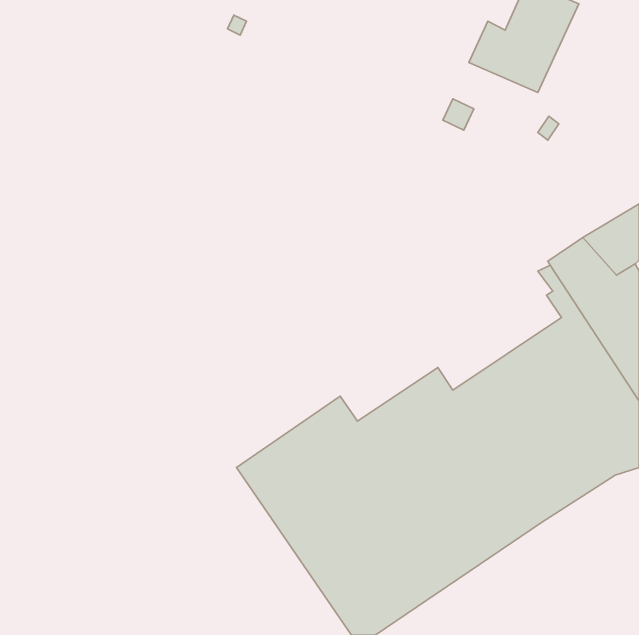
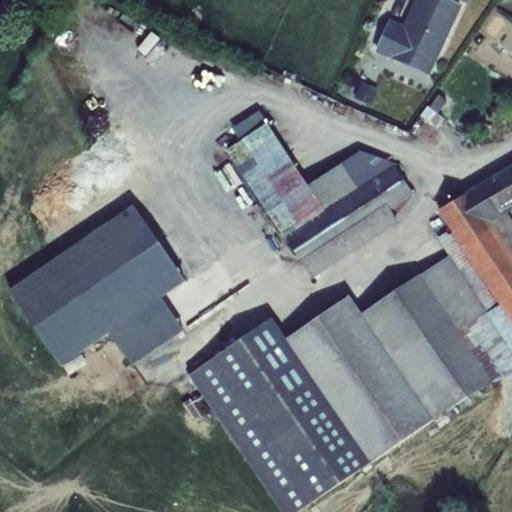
building: none -> [227,109,414,277]
building: none -> [10,205,187,365]

